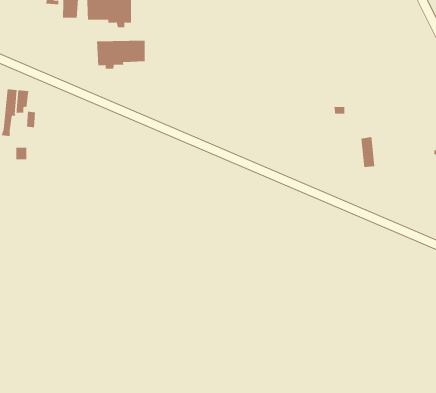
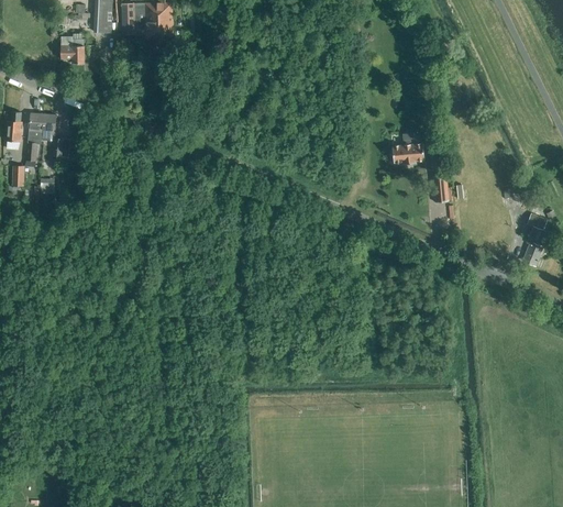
building: none -> [58,34,85,64]
building: [97,40,145,70] -> none
building: none -> [391,143,424,164]

